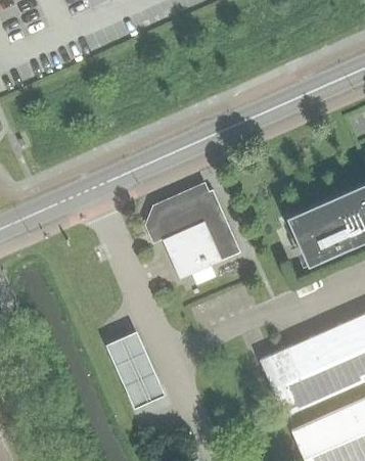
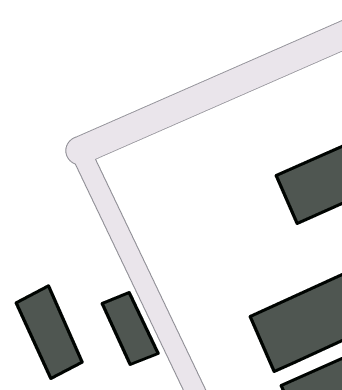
building: [154,189,239,279] -> none
building: none -> [16,286,82,378]

